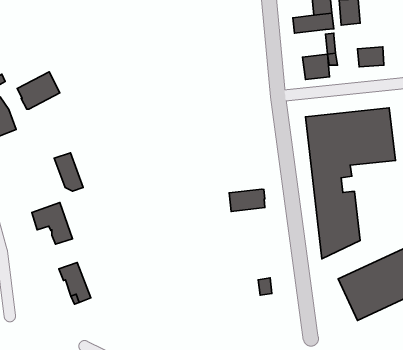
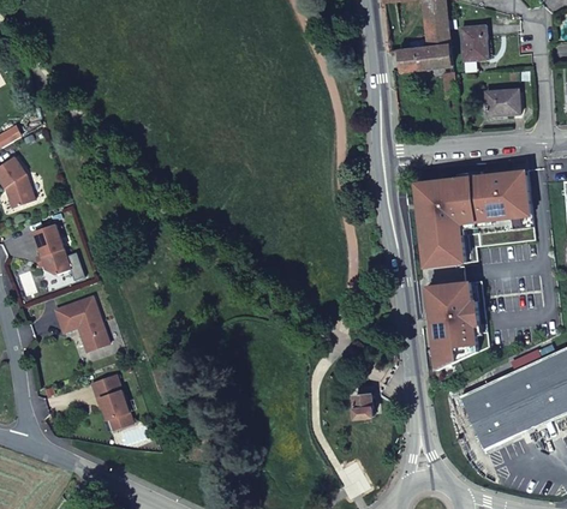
building: [303,54,329,79] -> none
building: [17,72,60,109] -> none
building: [54,153,83,191] -> [31,222,70,273]
building: [229,189,265,211] -> none

